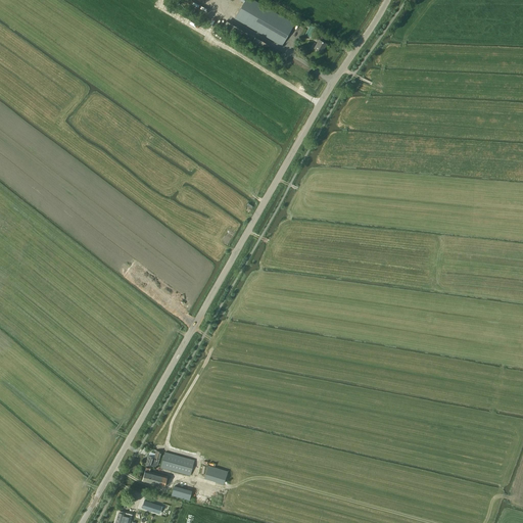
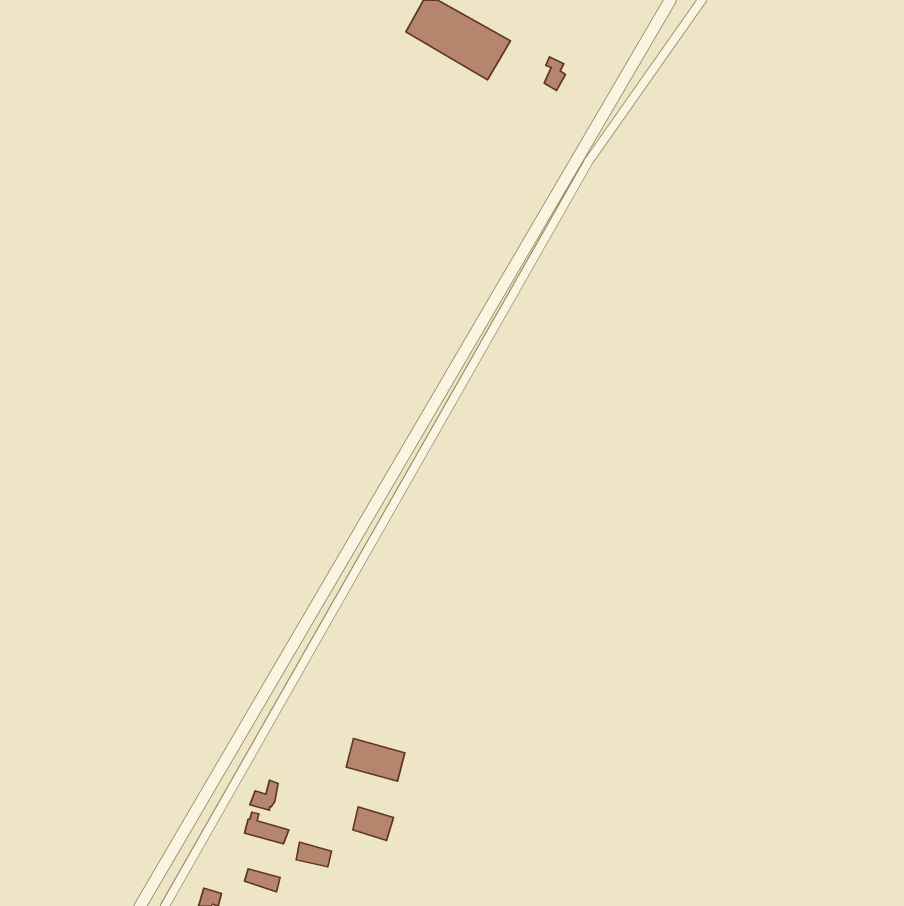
building: [159,451,193,476] -> [346,739,405,781]

